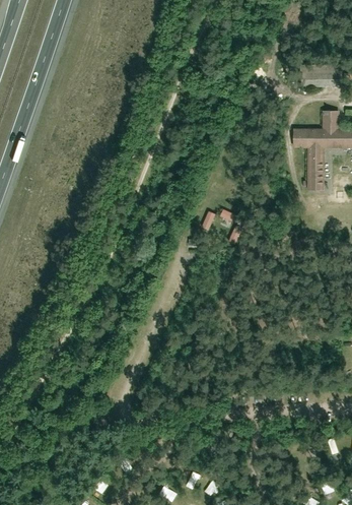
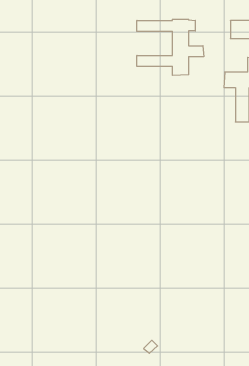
building: none -> [137,19,204,75]

